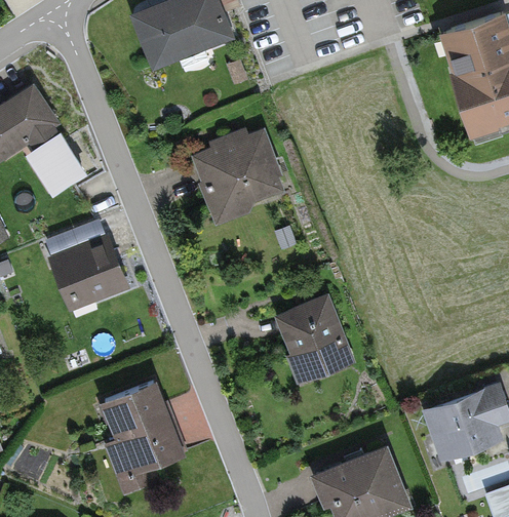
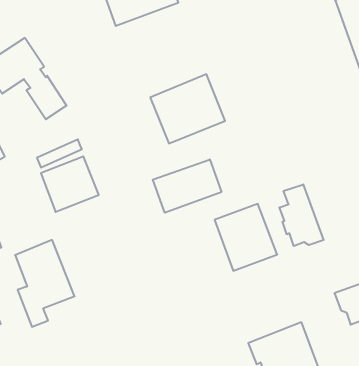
building: none -> [153,159,221,213]
building: none -> [279,184,324,246]
building: [107,381,183,491] -> [15,240,75,327]

